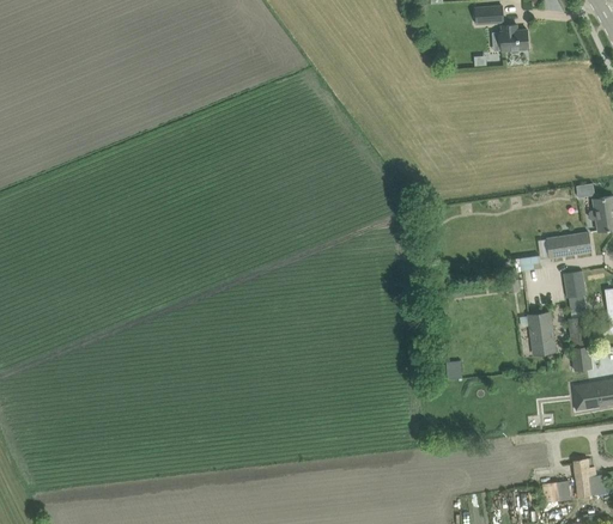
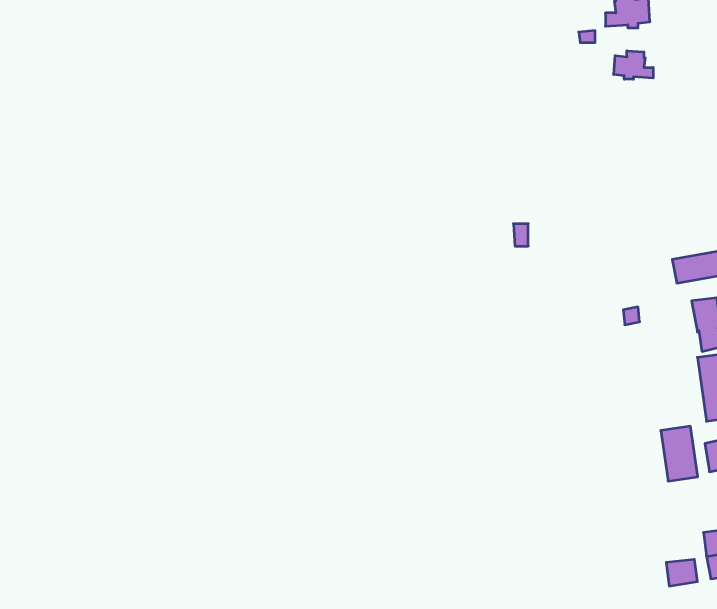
building: none -> [614,51,653,79]
building: [527,311,557,355] -> [661,426,698,481]

